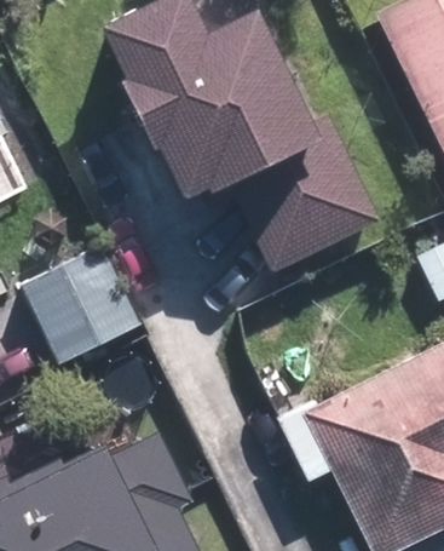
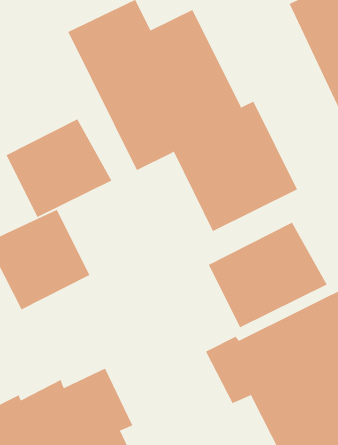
building: none -> [6,119,112,218]
building: none -> [208,222,328,328]

